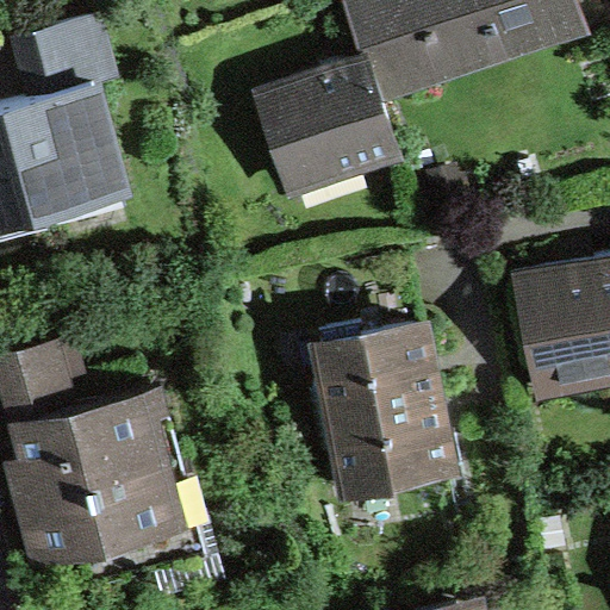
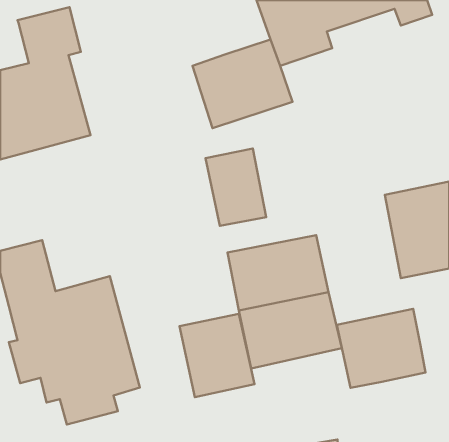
building: none -> [205,148,266,226]
building: none -> [337,309,425,388]
building: none -> [180,314,255,397]

